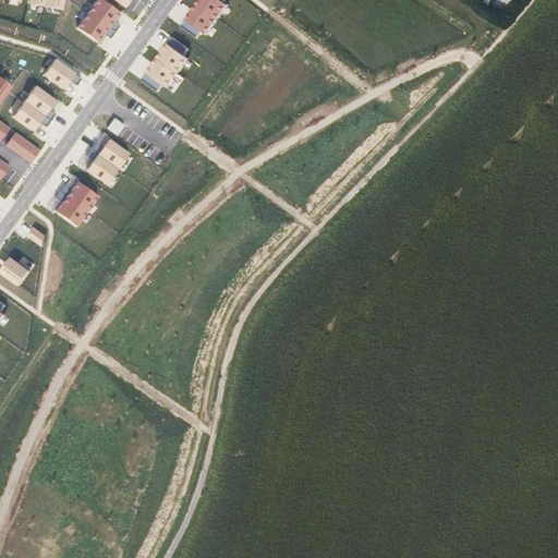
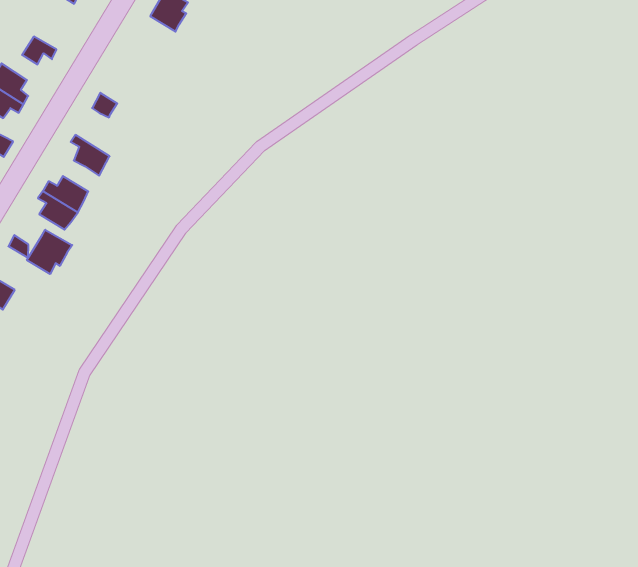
building: [144,56,179,88] -> none
building: [90,136,129,167] -> none
building: none -> [27,230,72,274]

